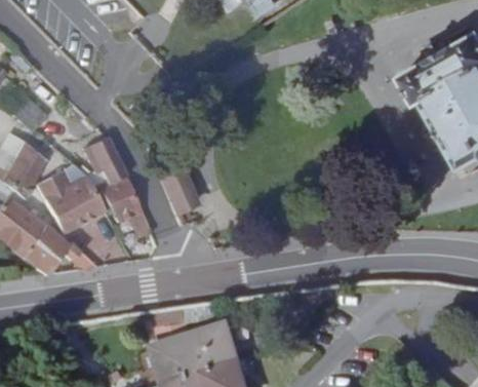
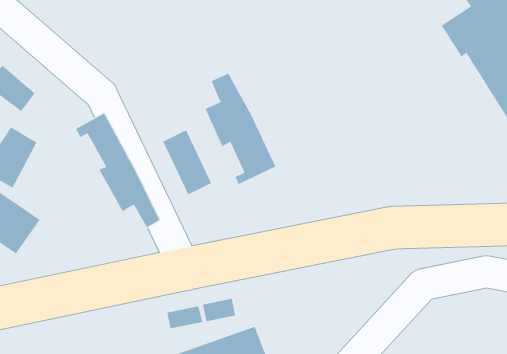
building: none -> [205,73,276,185]
building: [36,169,104,232] -> none
building: [18,225,95,275] -> none

